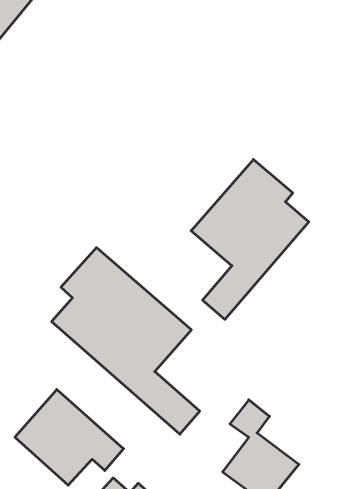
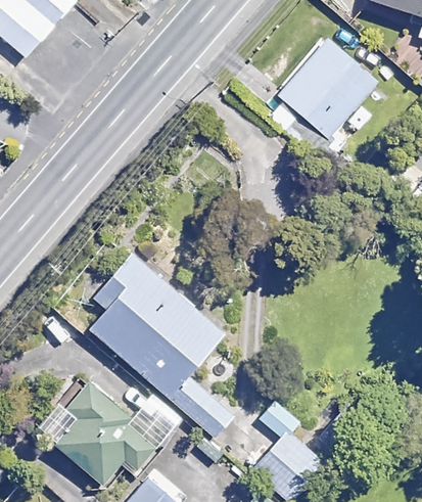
building: none -> [266,38,378,153]
building: [191,159,309,319] -> none

